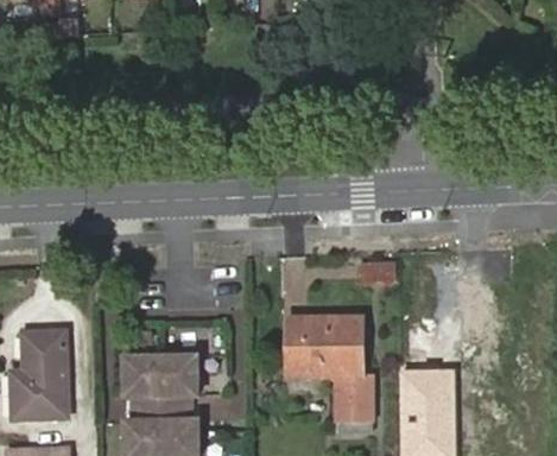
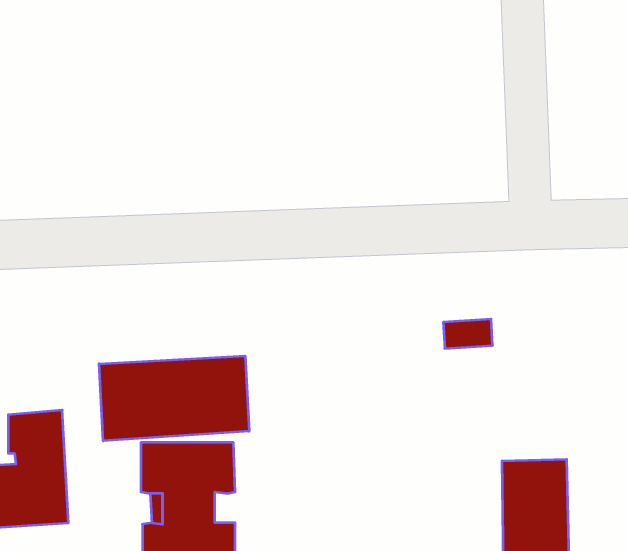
building: none -> [99,356,249,441]
building: [287,318,375,431] -> none

